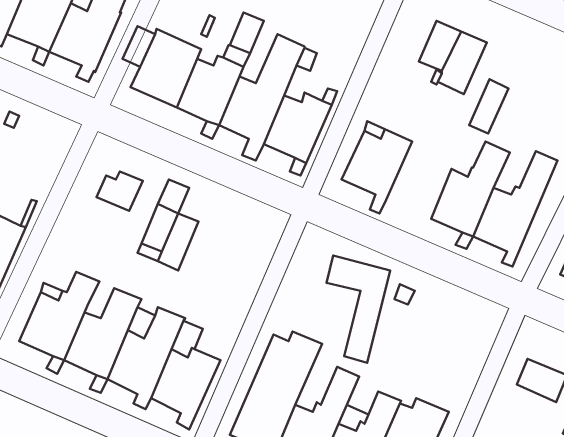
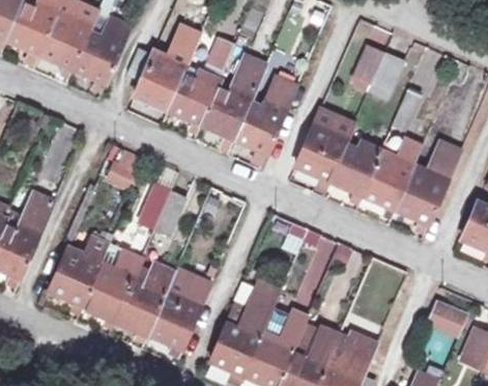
building: none -> [328,141,381,202]

